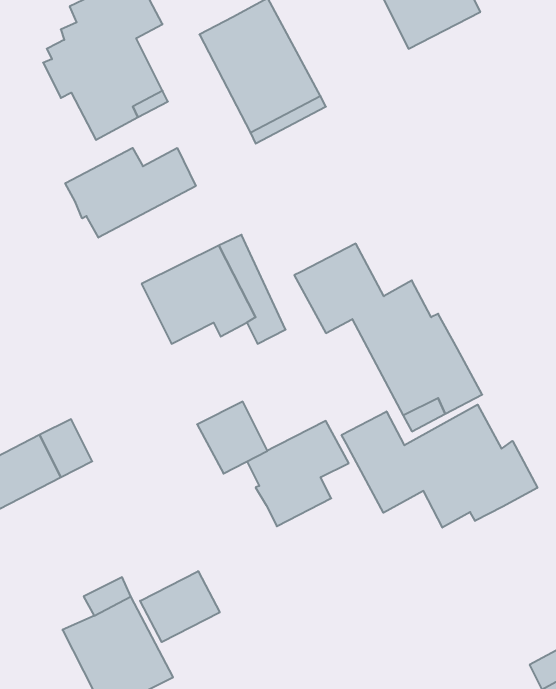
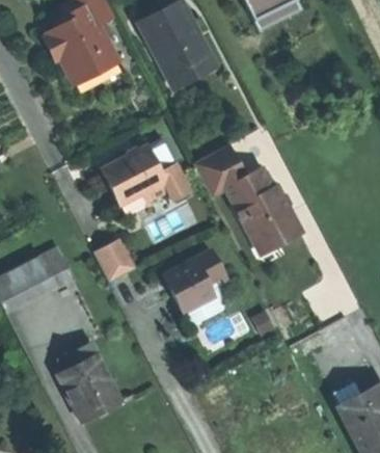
building: [65,148,196,238] -> none
building: [197,402,267,474] -> [94,239,136,282]
building: [342,405,537,528] -> none
building: [140,571,220,642] -> none

